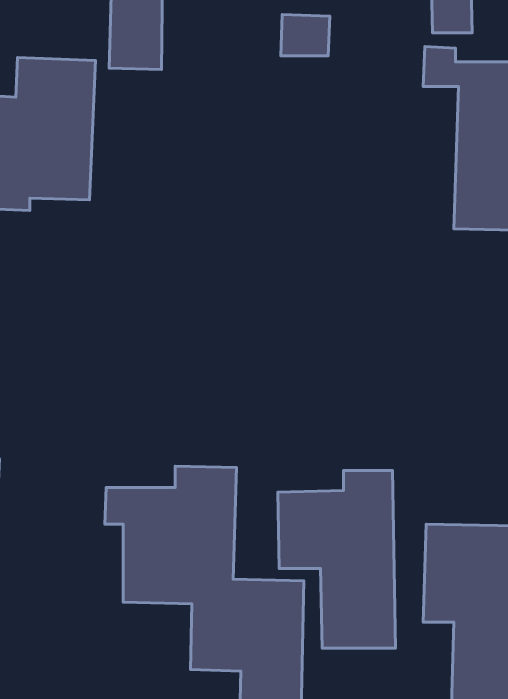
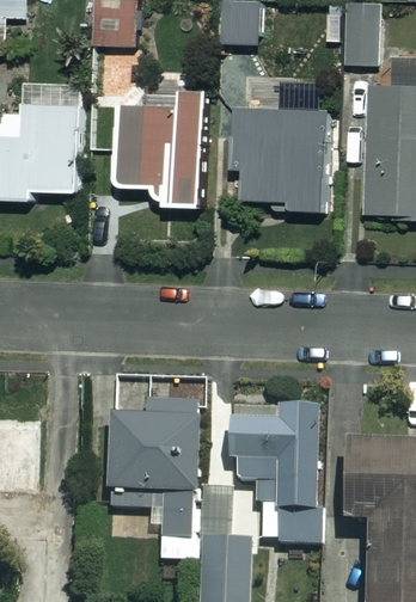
building: none -> [117,90,203,207]
building: none -> [233,110,325,210]

